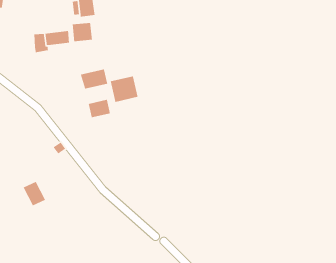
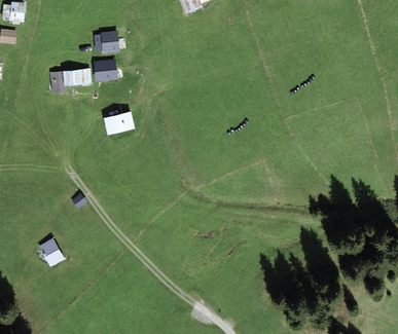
building: [110,75,138,103] -> none
building: [88,99,111,118] -> none

